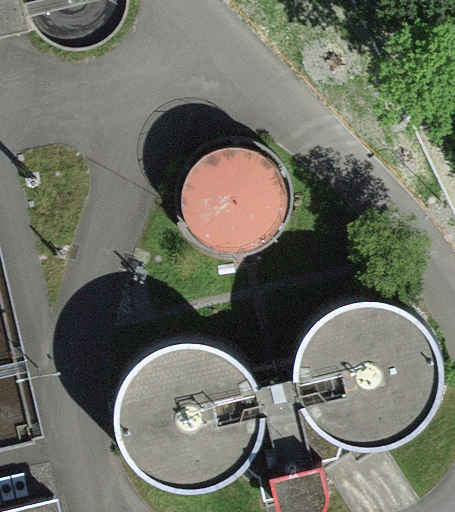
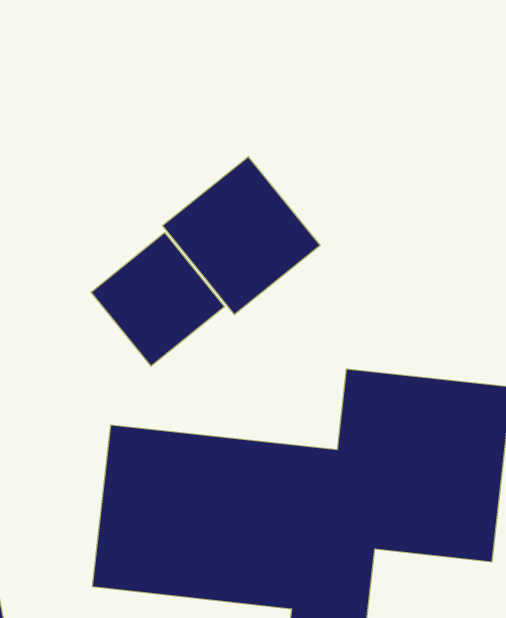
building: none -> [91,233,224,366]

